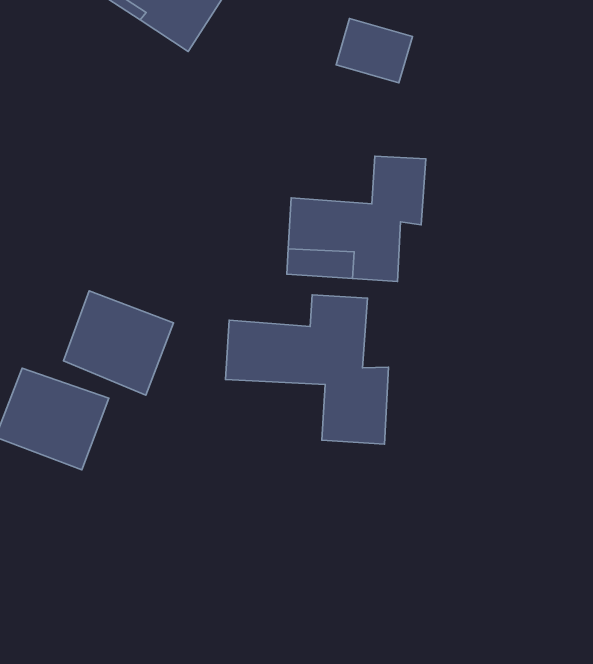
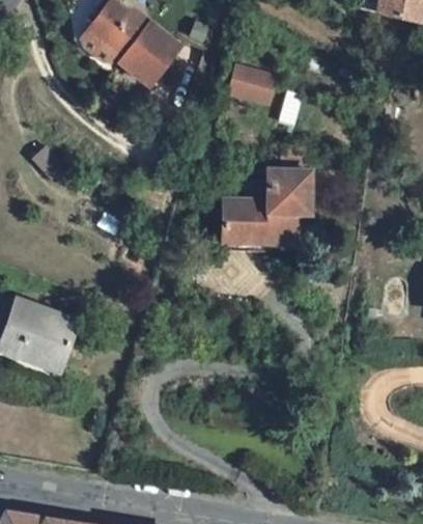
building: [63,291,173,395] -> none
building: [225,295,388,444] -> none

